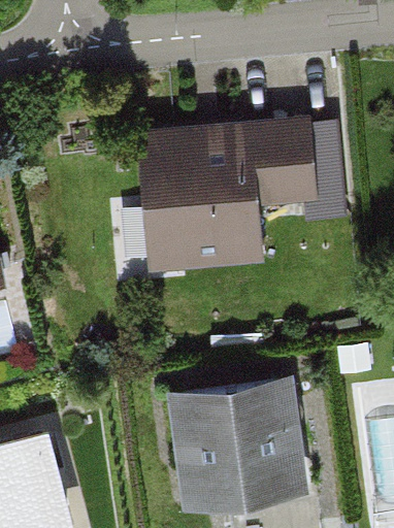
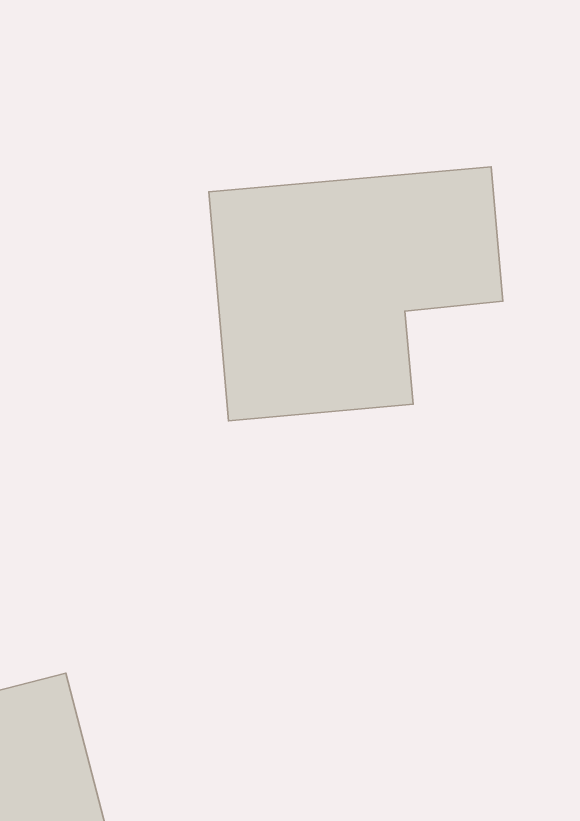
building: [172,377,305,507] -> none

